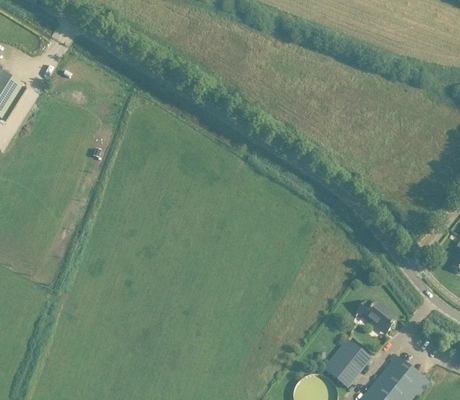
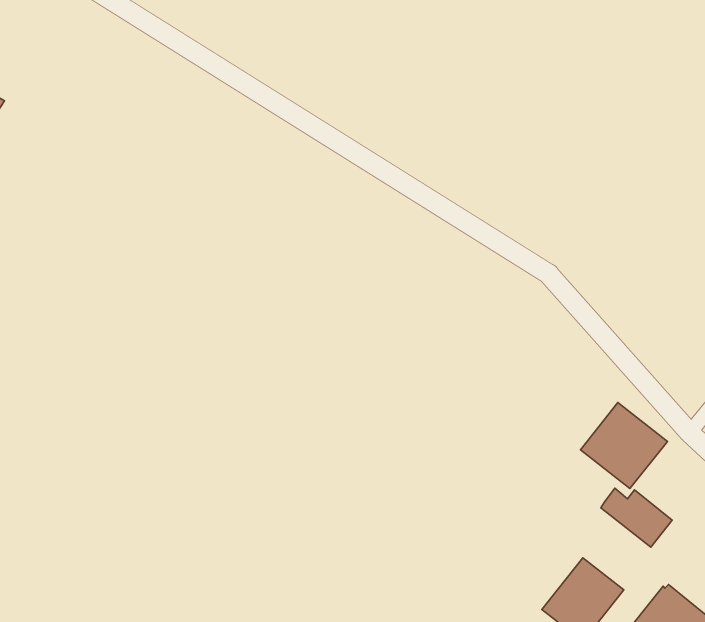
building: none -> [581,403,667,489]

